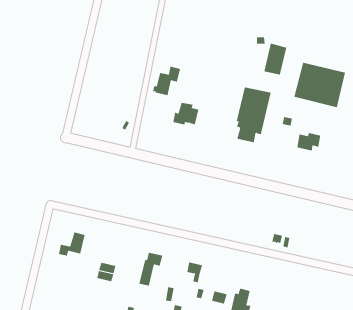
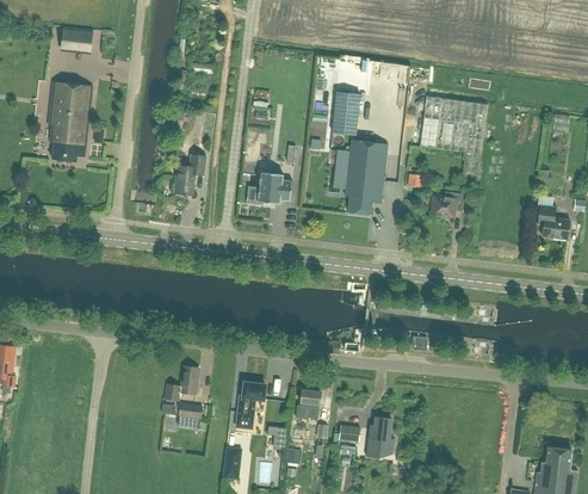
building: none -> [48,81,92,162]
building: [263,43,287,75] -> [333,91,361,134]
building: [152,66,181,96] -> [169,154,205,196]
building: [58,232,86,256] -> [165,365,199,400]

